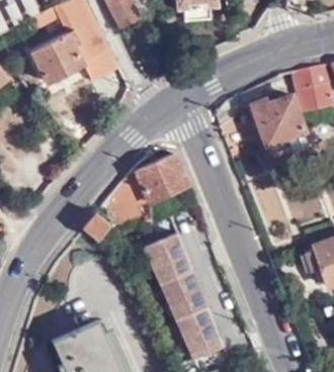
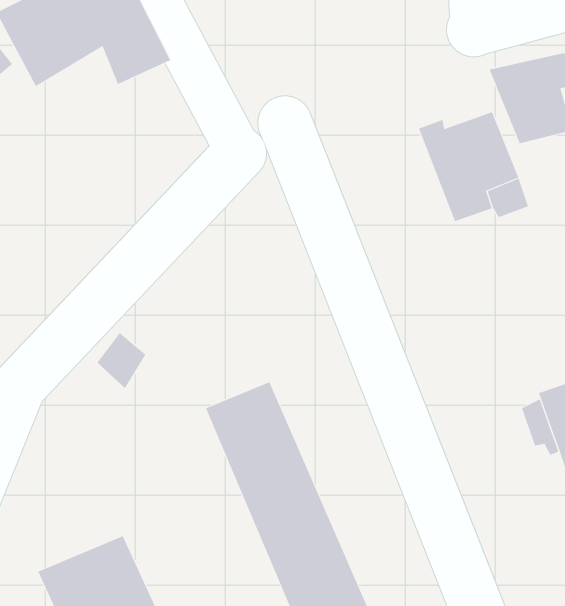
building: [102,154,188,230] -> none

